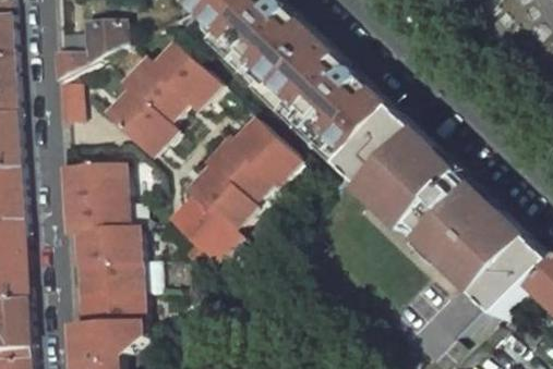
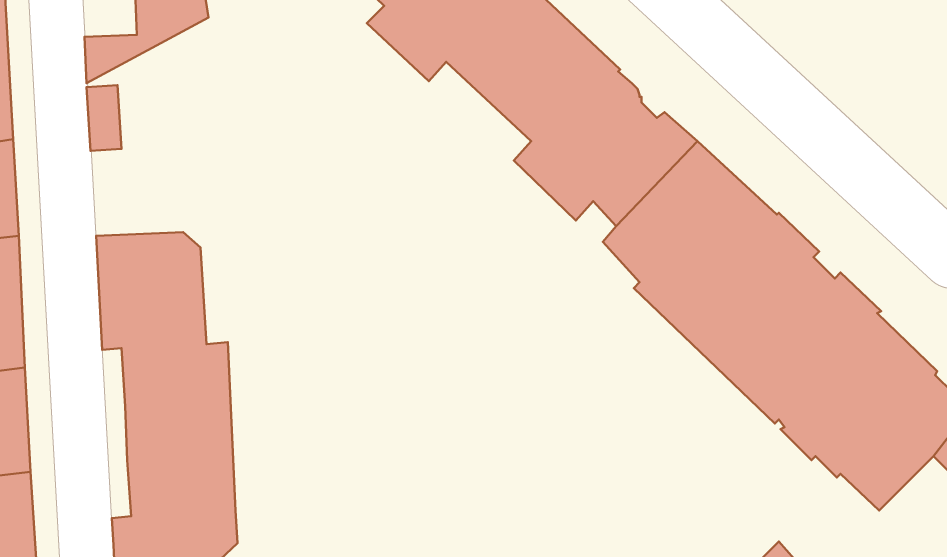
building: [108,45,219,157] -> none
building: [172,121,300,269] -> none

